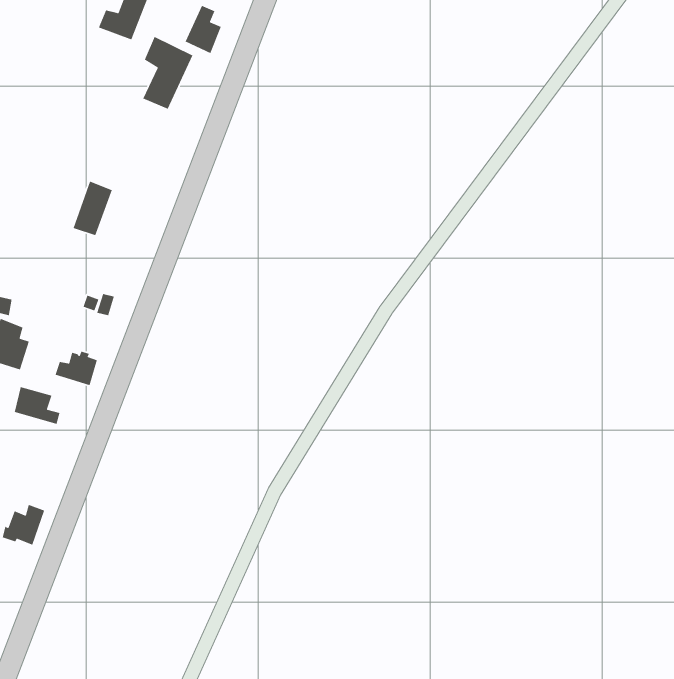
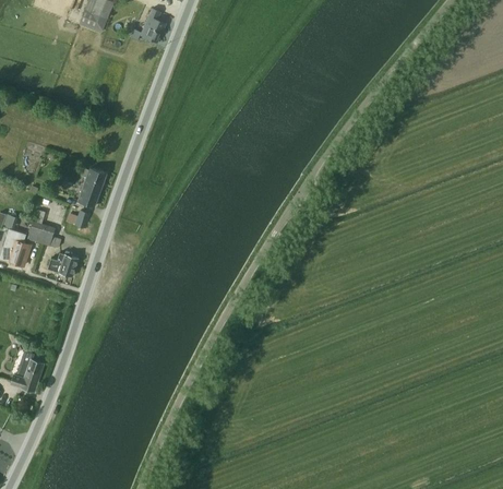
building: [142,36,193,110] -> none
building: [73,180,113,236] -> [76,167,105,206]
building: [14,386,60,425] -> [26,220,59,248]

